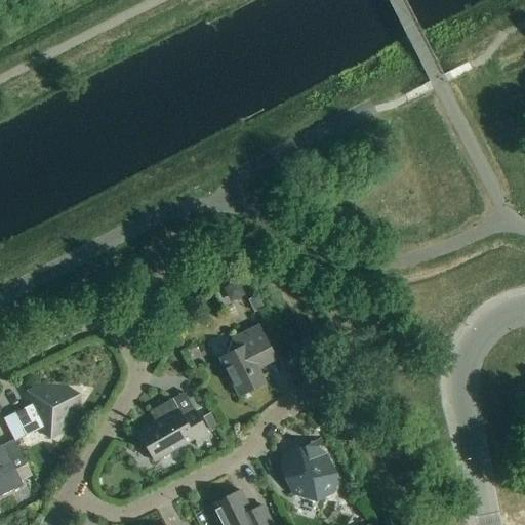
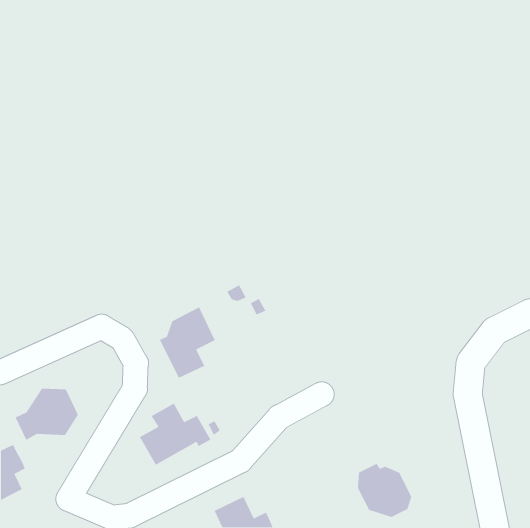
building: [219,324,276,396] -> [159,306,216,379]
building: [282,444,336,498] -> [357,463,412,518]

